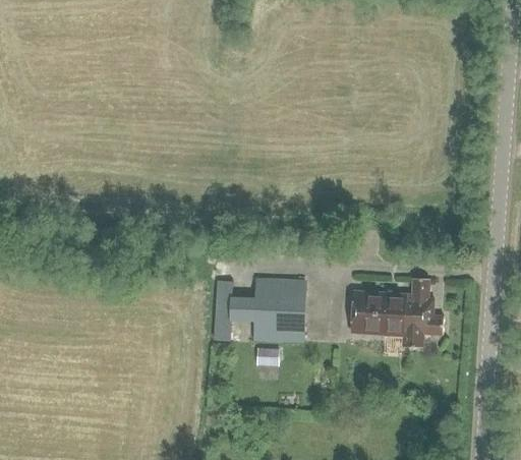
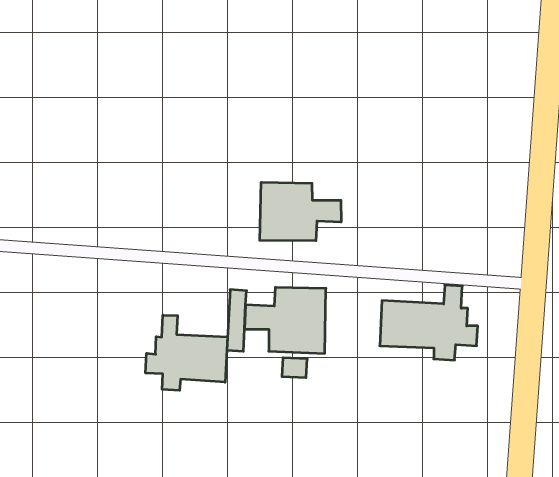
building: none -> [260,182,341,241]
building: none -> [146,315,228,390]

